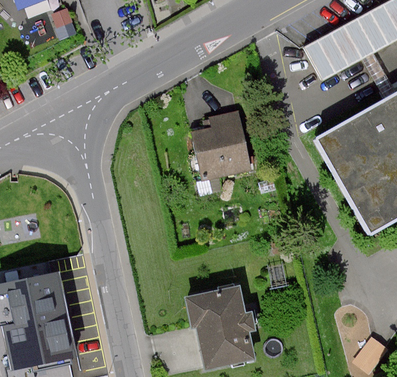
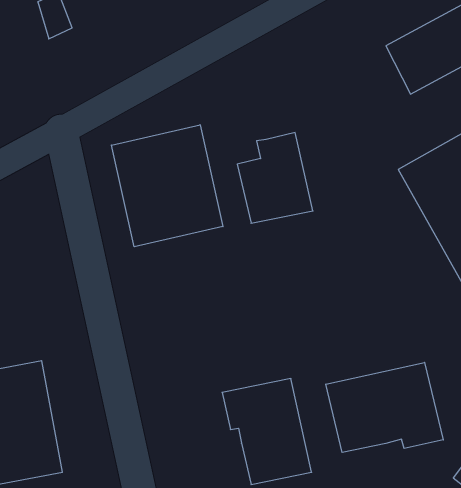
building: none -> [111,125,223,247]
building: none -> [326,362,443,452]

